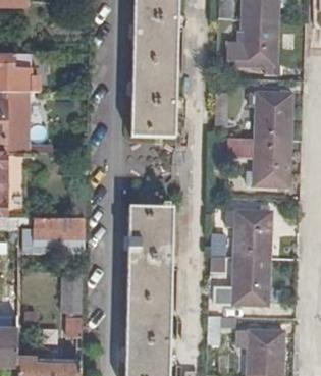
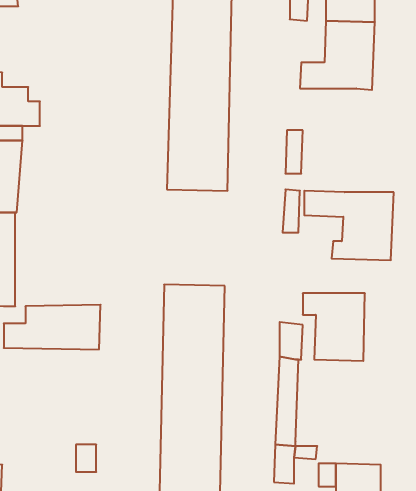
building: [250,90,291,138] -> none
building: [224,256,269,305] -> none
building: [59,272,81,313] -> none

